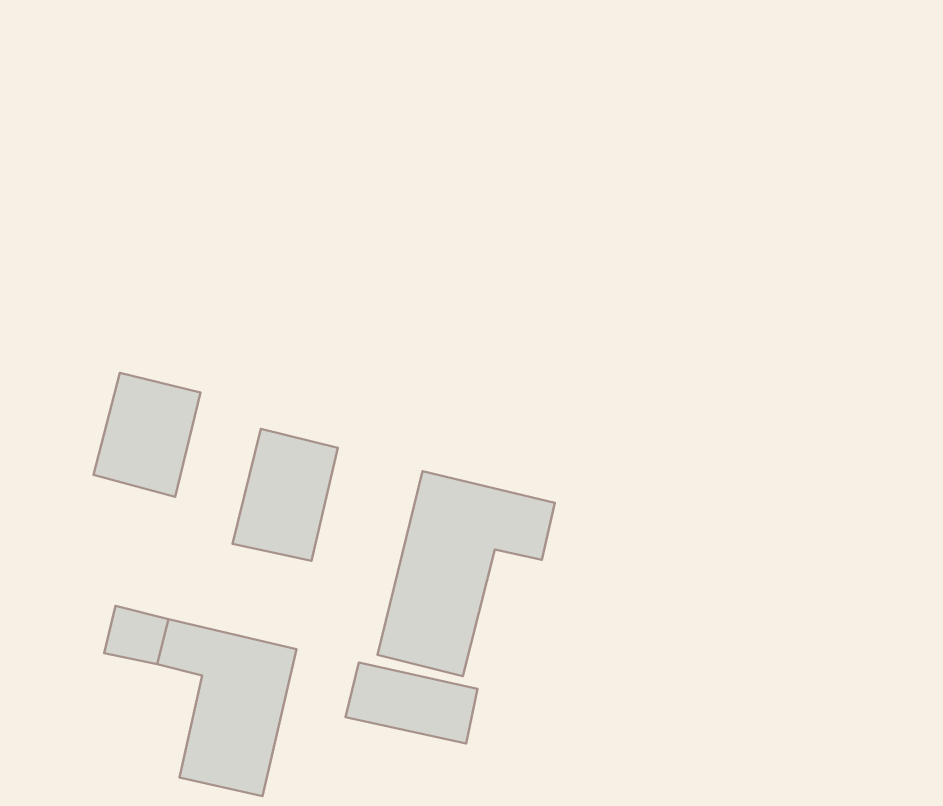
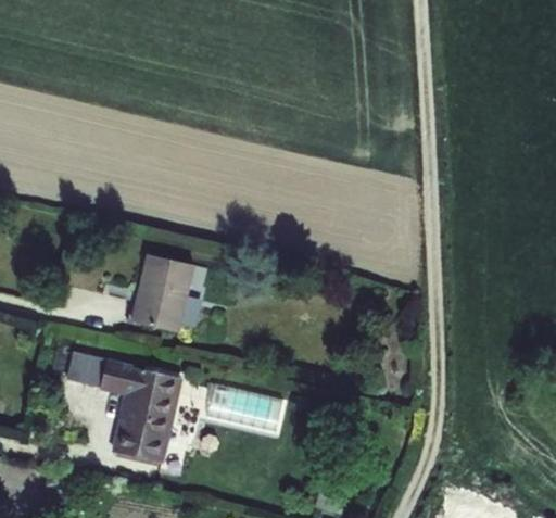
building: [94,373,200,497] -> none
building: [378,471,555,676] -> none

